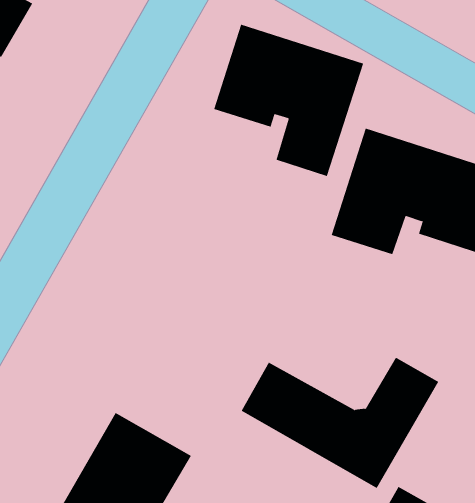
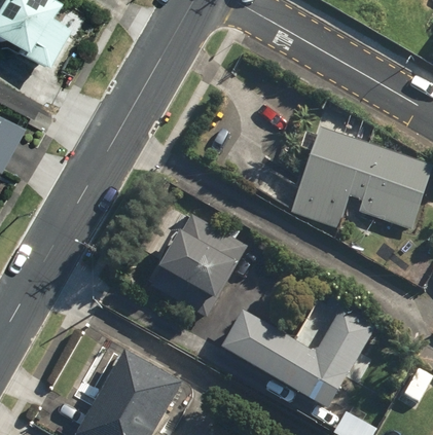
building: [214,24,364,177] -> none
building: none -> [146,208,250,318]

